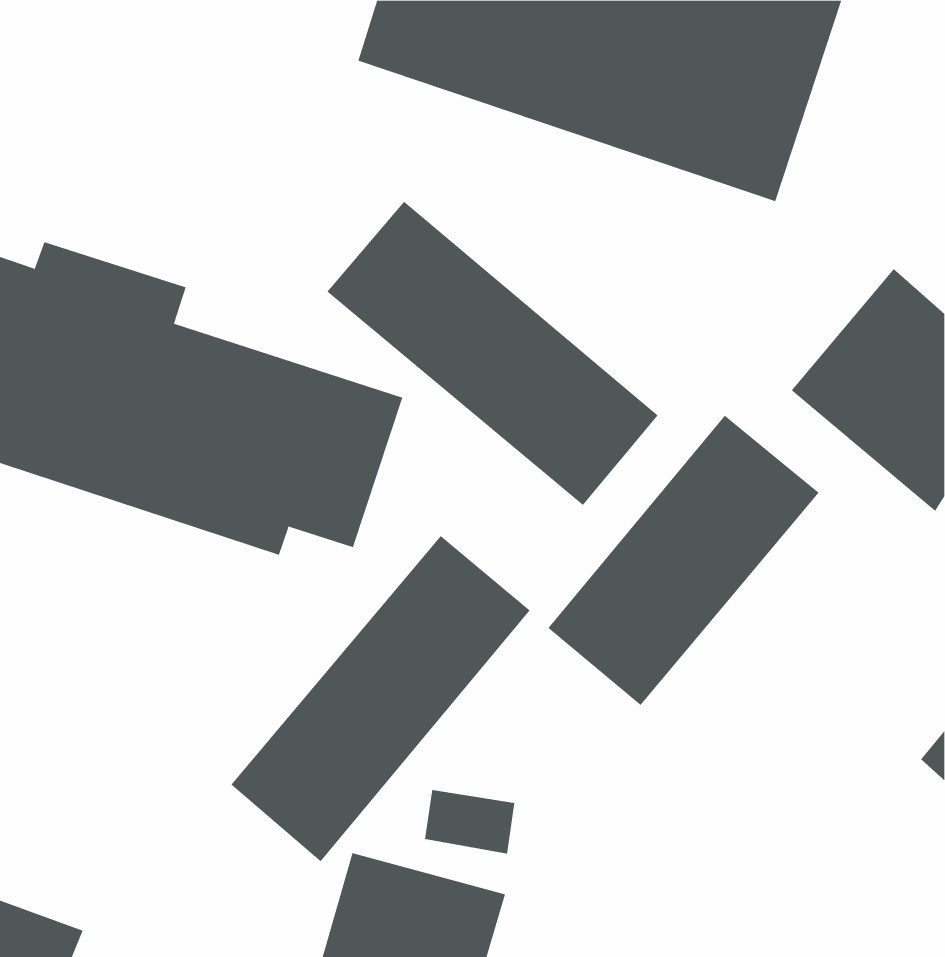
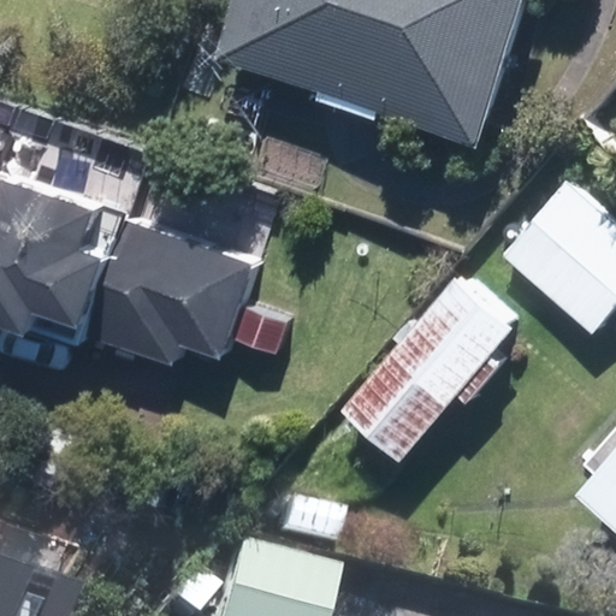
building: [326,201,659,506] -> none
building: [231,535,531,862] -> none

